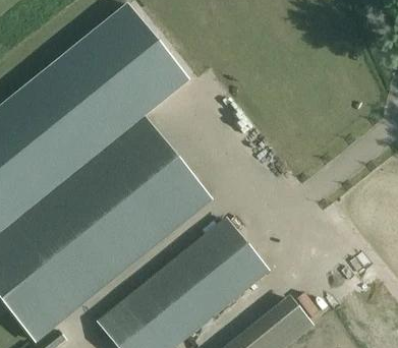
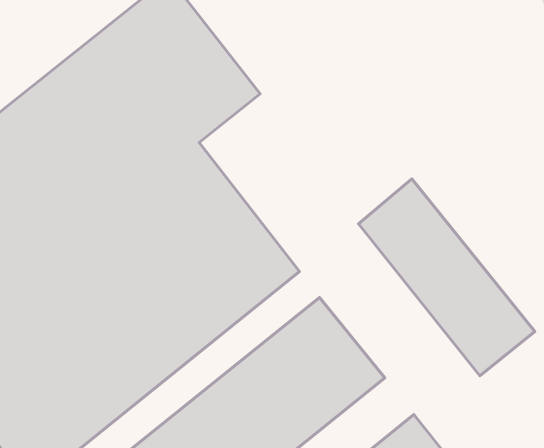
building: none -> [358,179,535,376]

